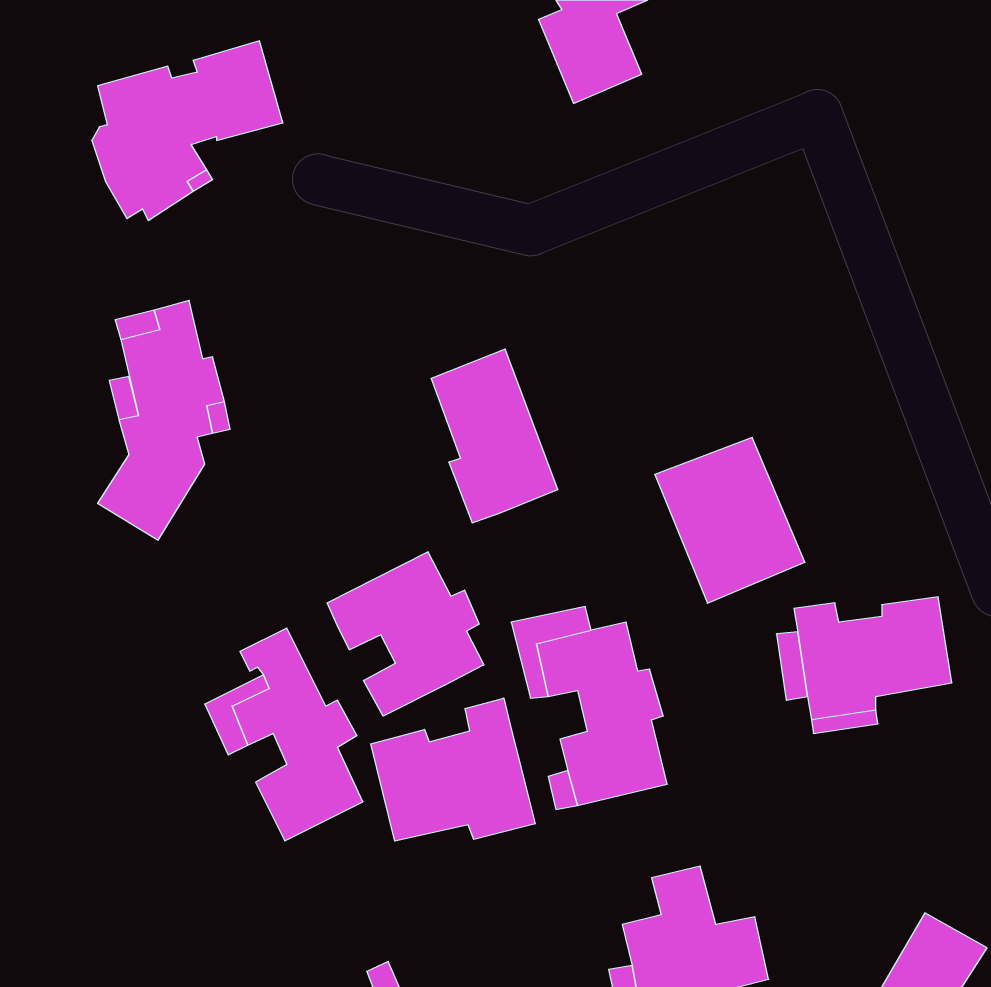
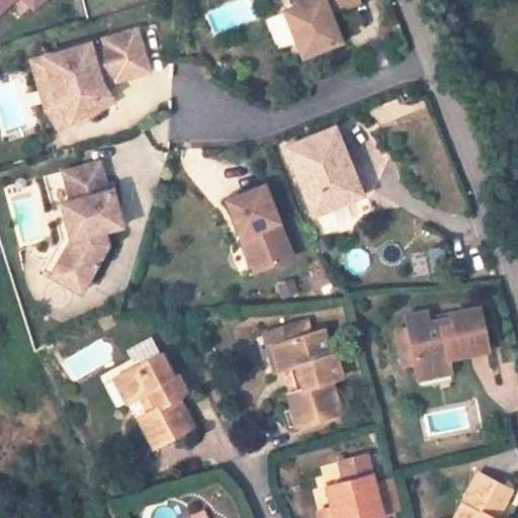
building: none -> [31,50,69,125]
building: [655,437,805,603] -> [283,127,361,213]
building: [327,552,484,716] -> none
building: [371,698,535,841] -> none

